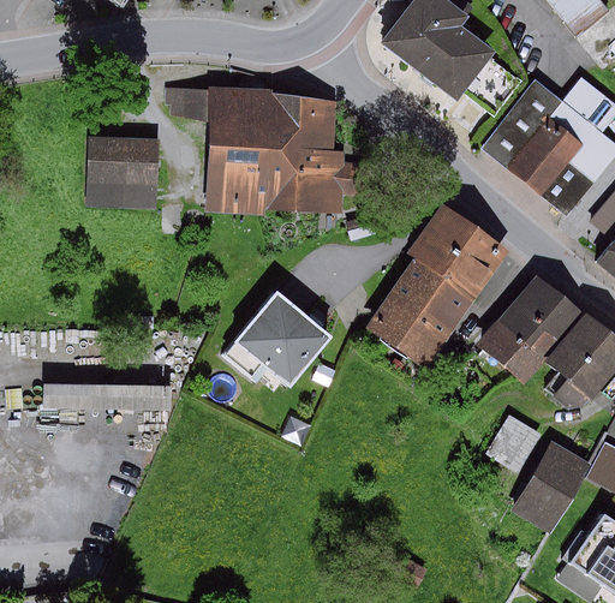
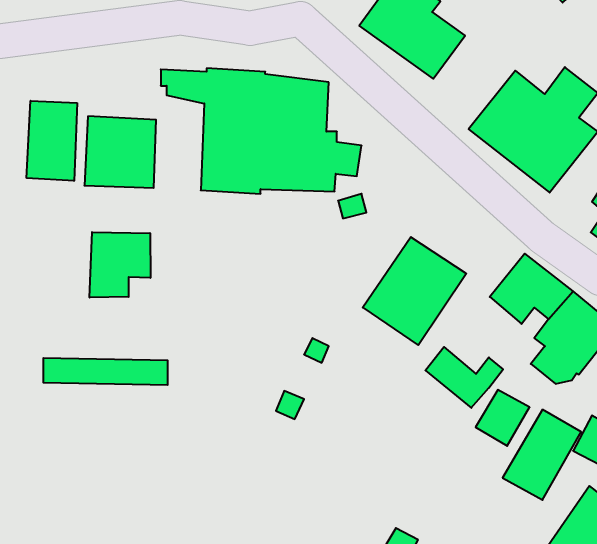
building: none -> [27,101,77,181]
building: [412,201,508,295] -> none
building: none -> [90,232,150,298]
building: [223,289,335,387] -> none
building: [482,320,561,382] -> [425,347,503,408]

